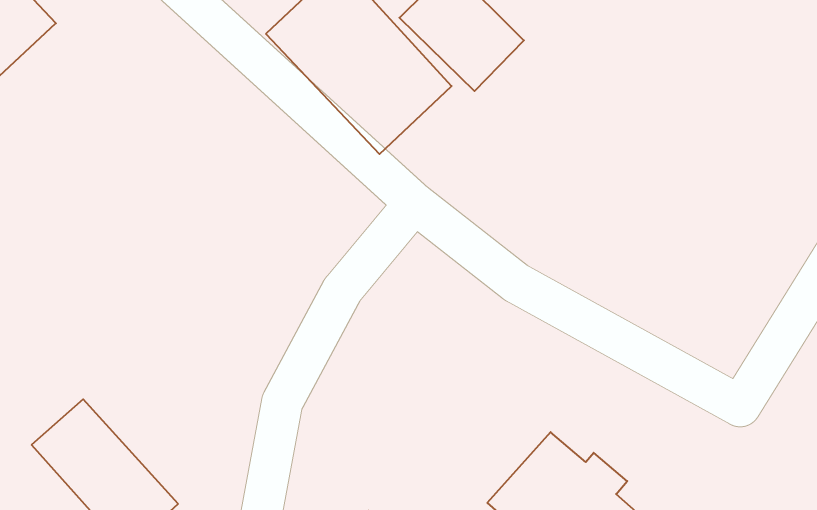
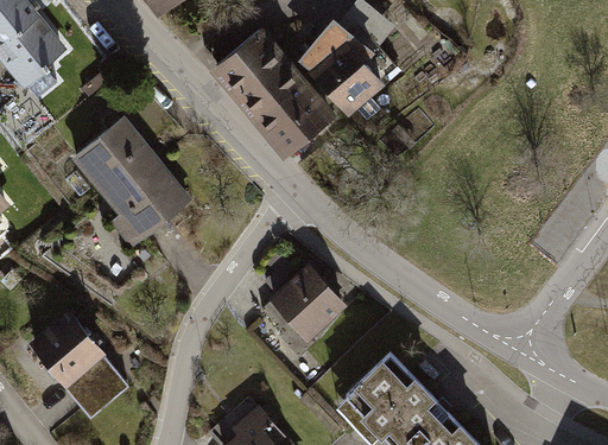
building: none -> [64,115,188,248]
building: none -> [270,268,348,345]

